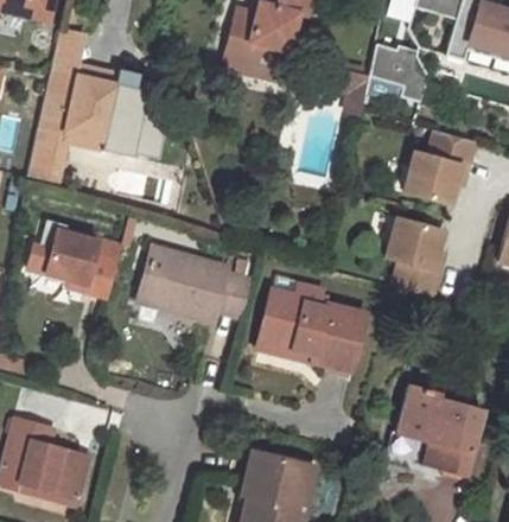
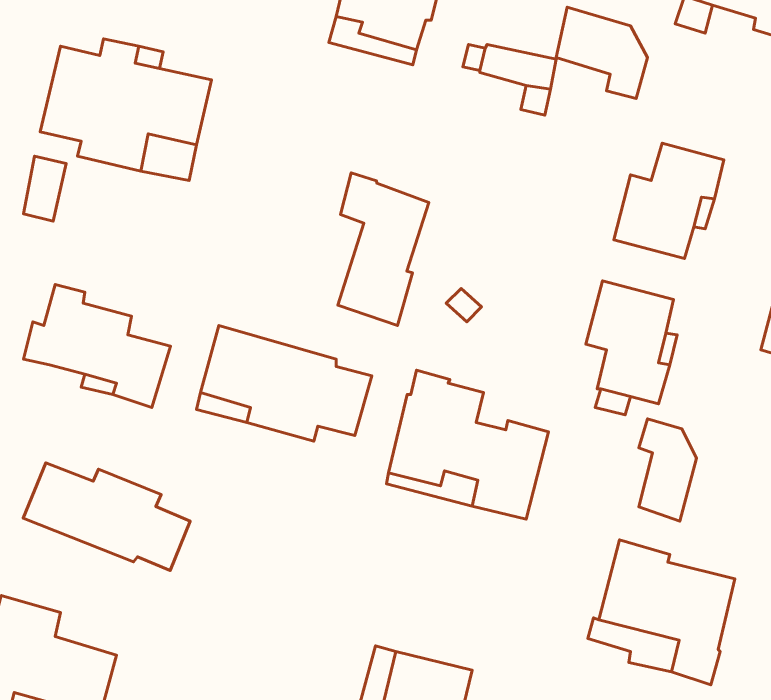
building: none -> [338,173,429,326]
building: none -> [639,419,696,521]
building: none -> [23,463,190,570]

